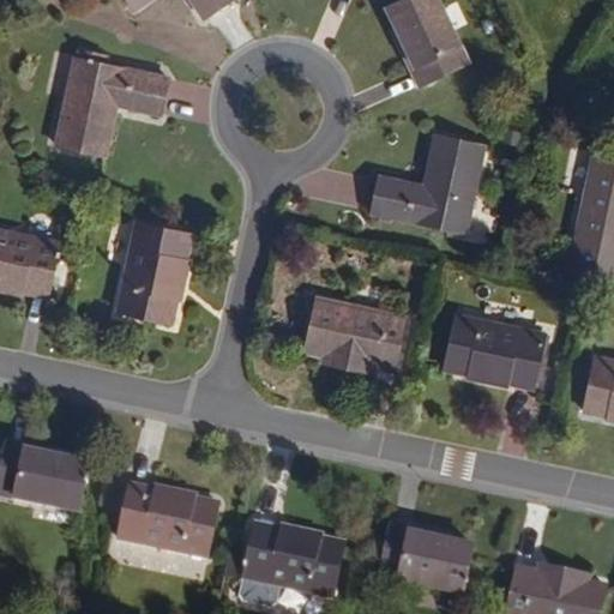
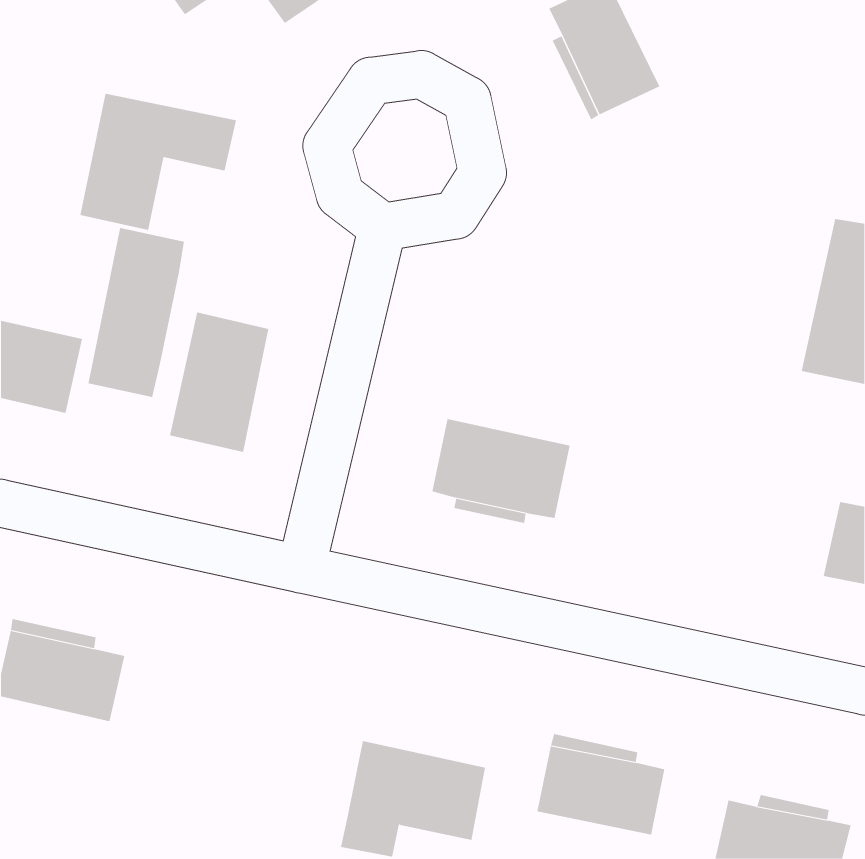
building: [373,131,484,229] -> none
building: none -> [88,227,184,398]
building: [445,314,544,385] -> none
building: [118,484,217,555] -> none

